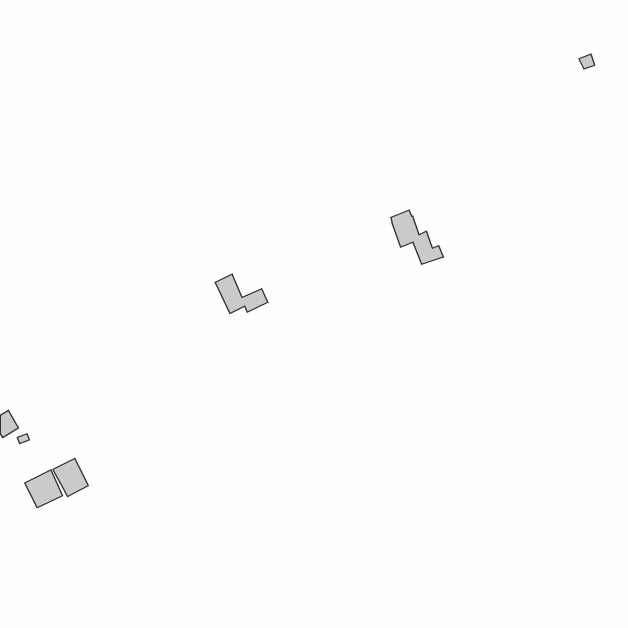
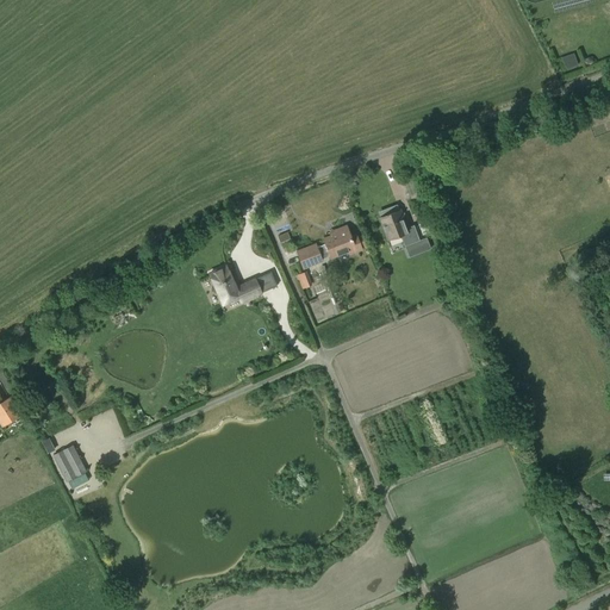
building: none -> [297,225,366,268]
building: [25,470,62,508] -> none

